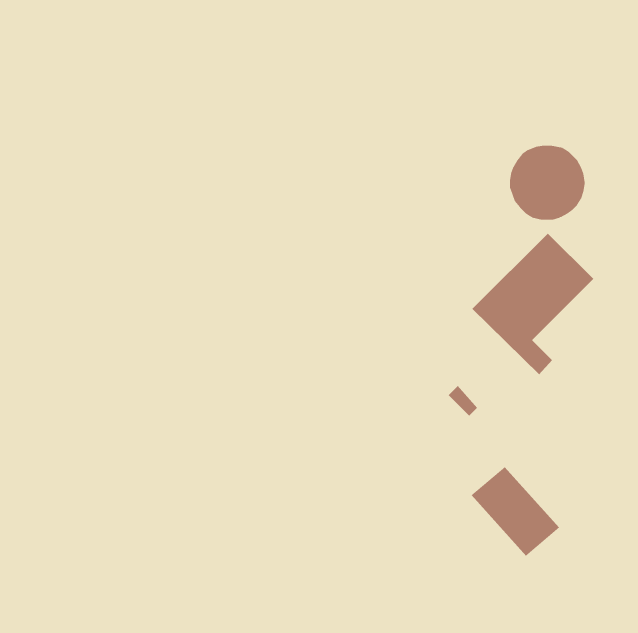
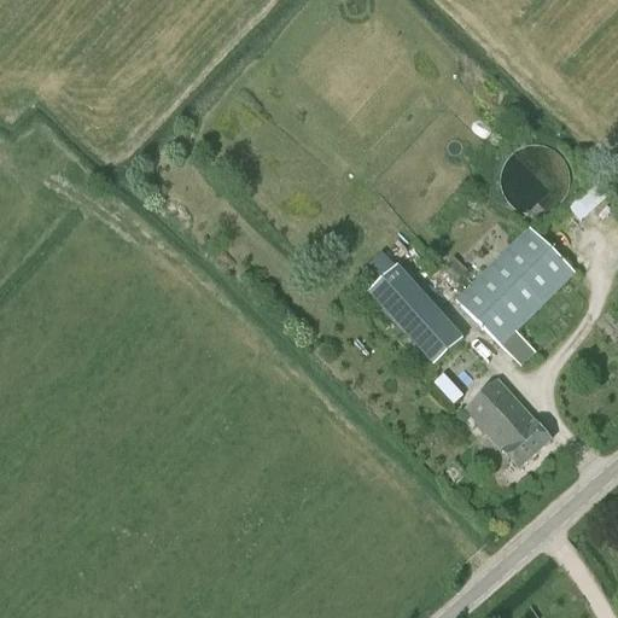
building: none -> [368,264,464,363]
building: [471,466,560,556] -> [466,379,552,466]

